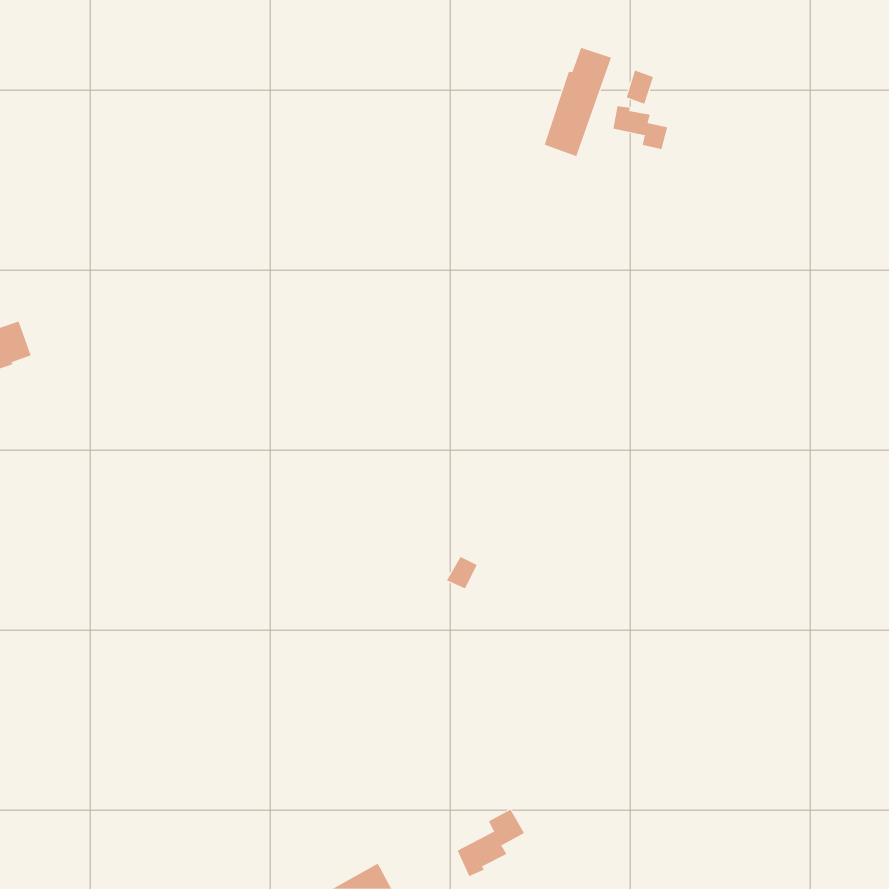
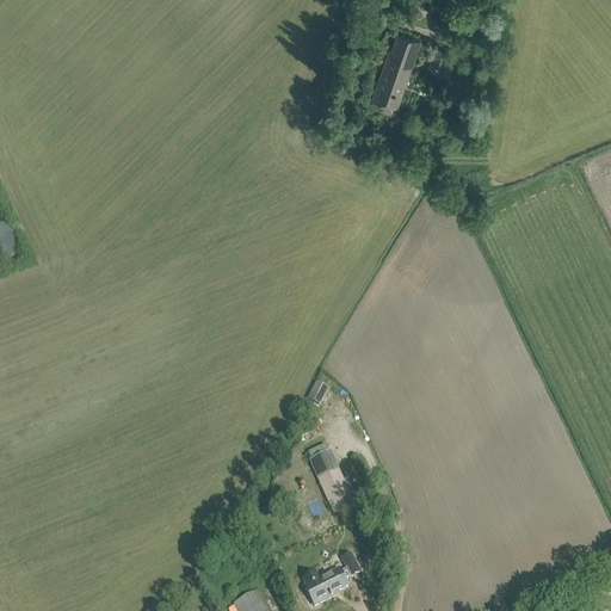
building: [613,105,668,150] -> none
building: none -> [307,443,353,513]

